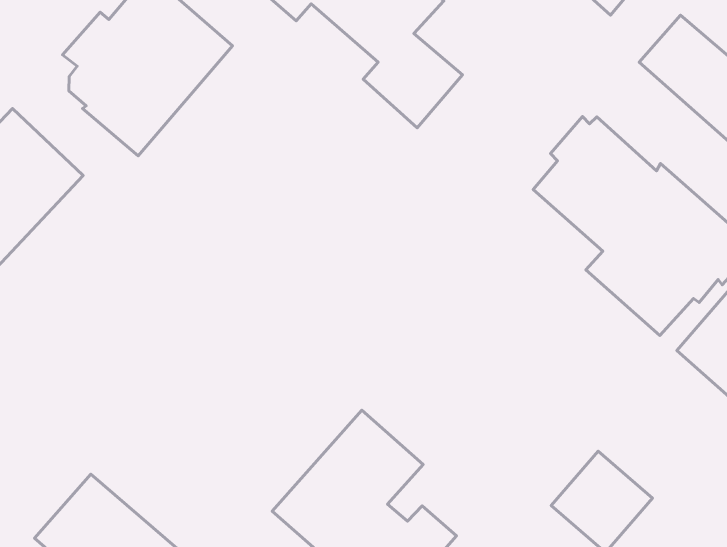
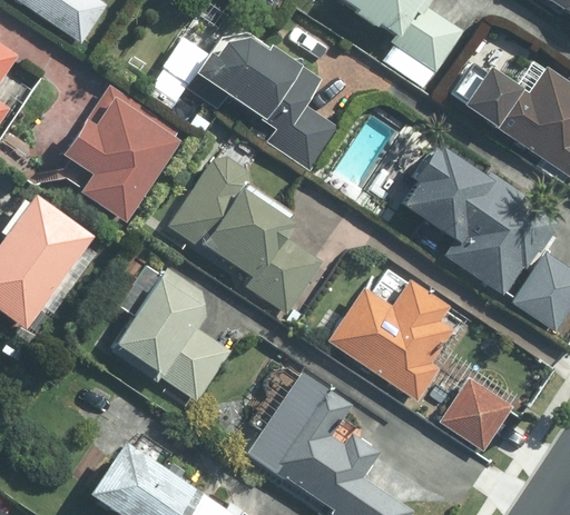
building: none -> [170,157,322,313]
building: none -> [112,271,229,399]
building: none -> [328,281,452,399]

